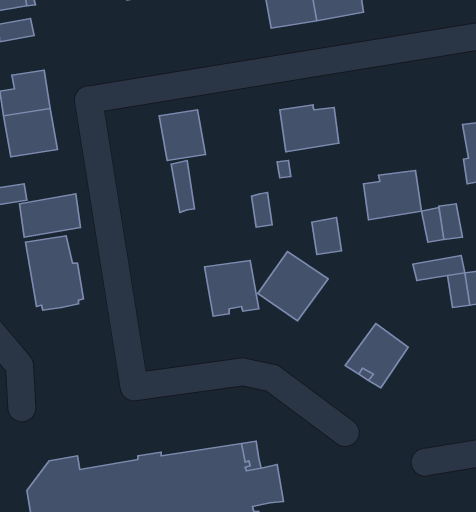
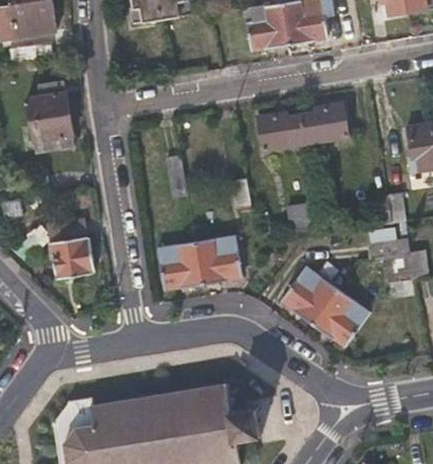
building: [159,110,206,160] -> none
building: [364,170,422,220] -> [302,101,350,142]
building: [19,194,80,237] -> none
building: [258,252,328,321] -> [279,267,337,324]
building: none -> [157,243,203,291]

